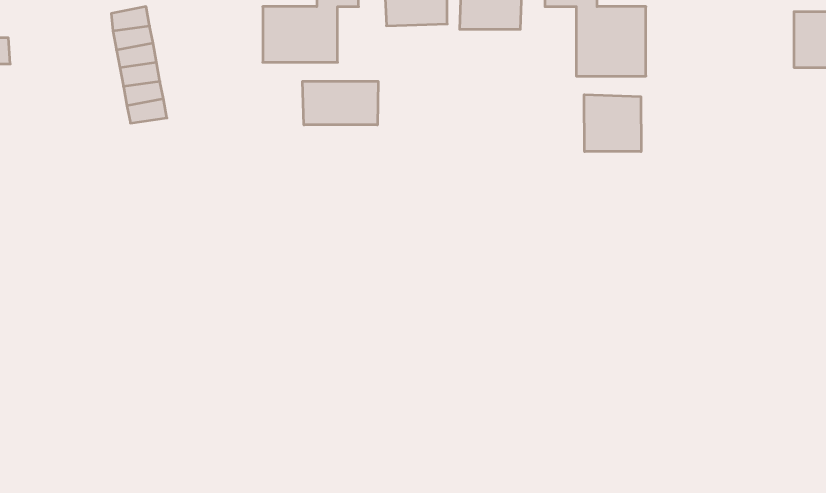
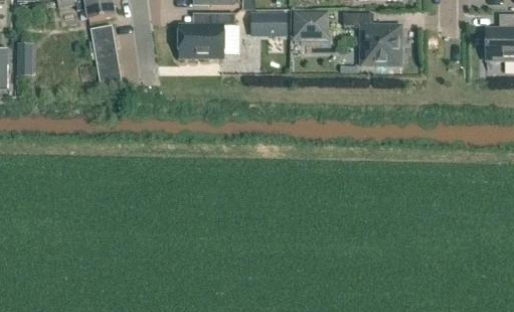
building: [303,81,378,125] -> none
building: [584,95,641,152] -> none

